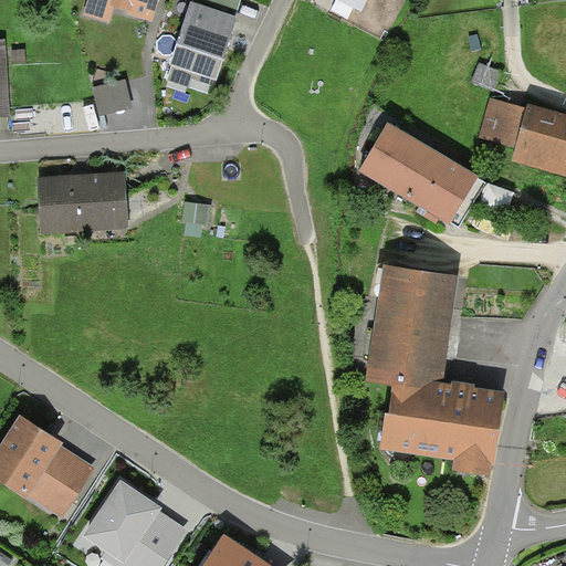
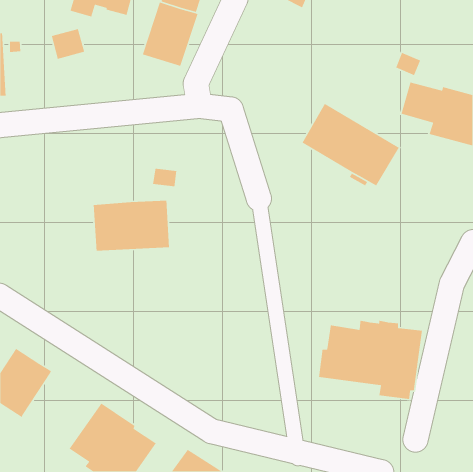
building: [91,77,132,115] -> [51,28,85,60]
building: [36,171,128,233] -> [93,200,170,252]
building: [365,265,458,392] -> none
building: [28,444,94,517] -> none

